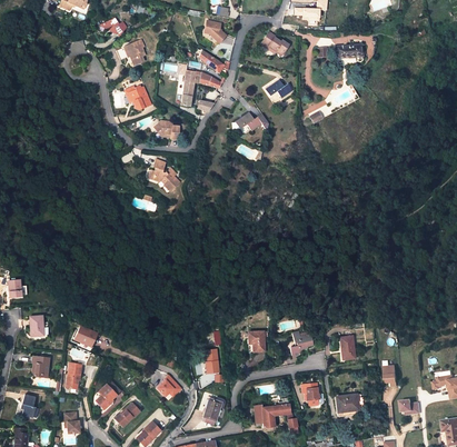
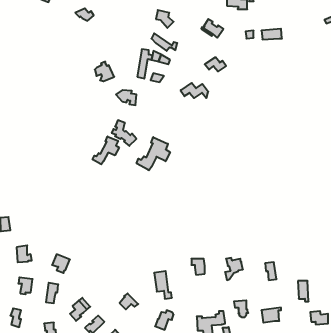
building: [116,39,146,64] -> none
building: none -> [93,136,119,164]
building: none -> [137,137,170,170]

